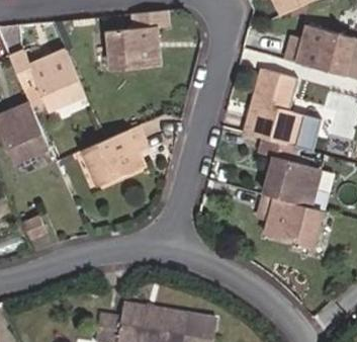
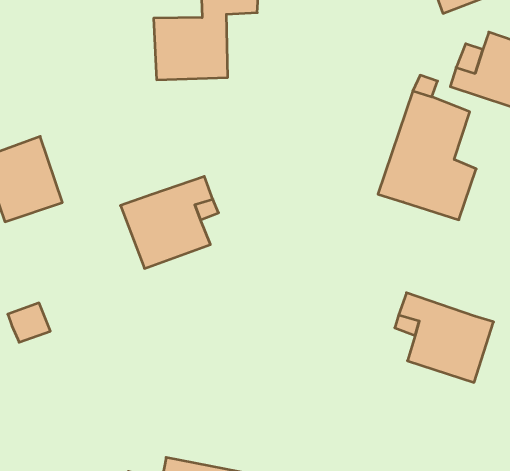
building: [9,49,86,111] -> none
building: [259,135,320,203] -> none

